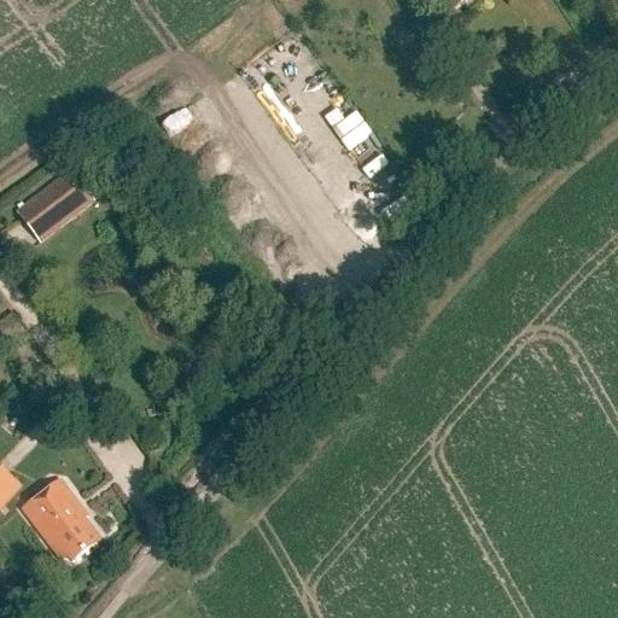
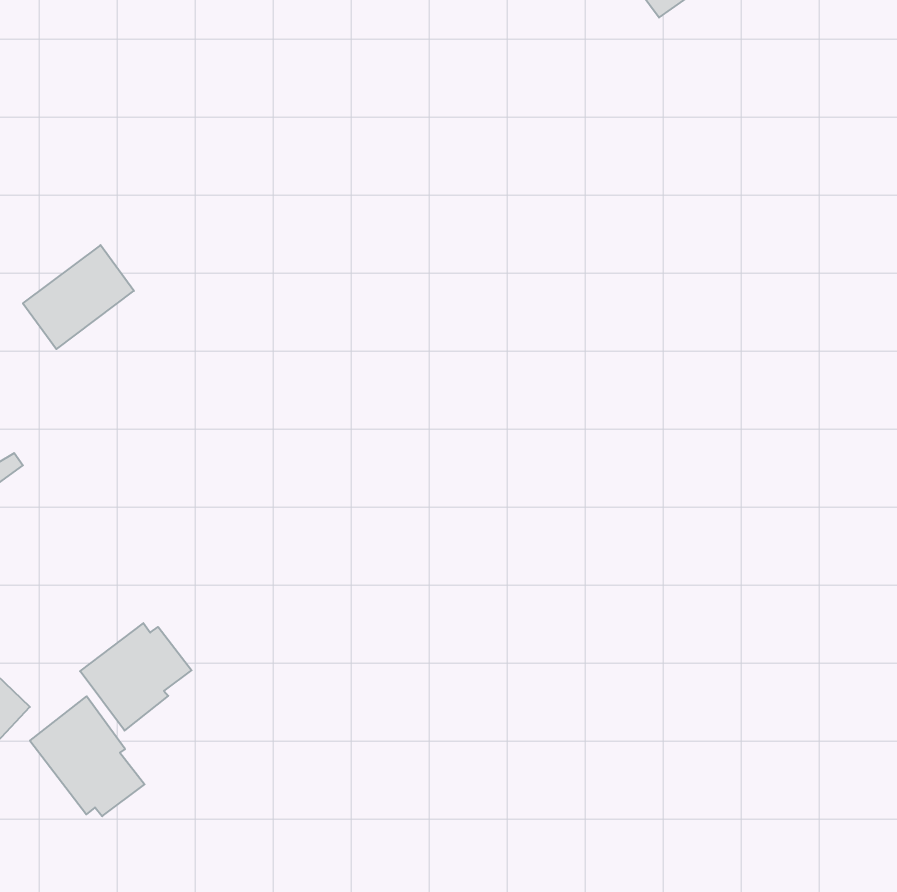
building: none -> [80,623,192,731]

